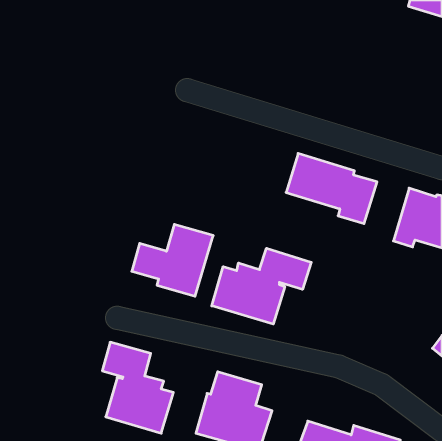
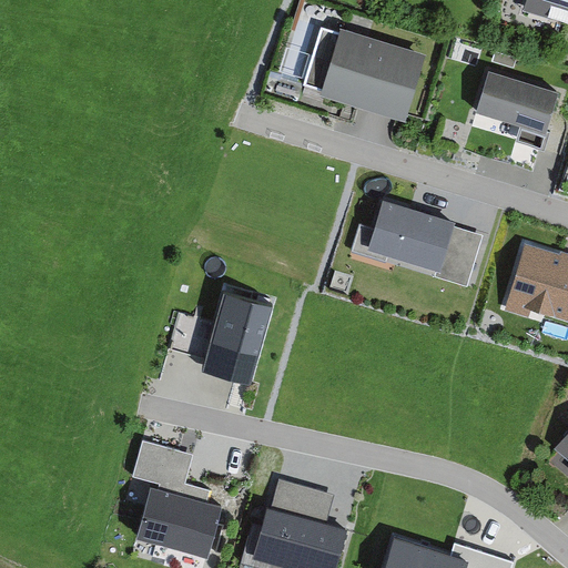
building: none -> [301,26,426,119]
building: none -> [470,70,558,151]
building: [212,248,311,324] -> none

